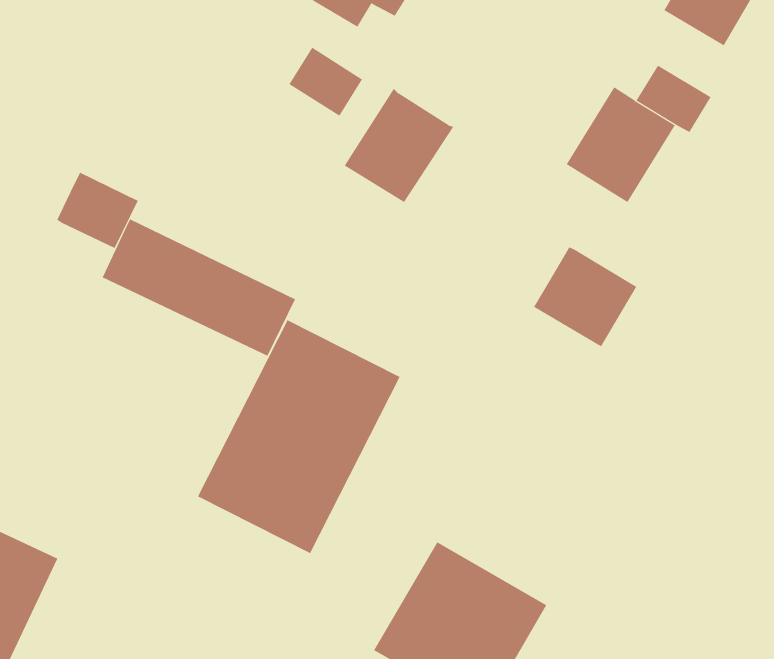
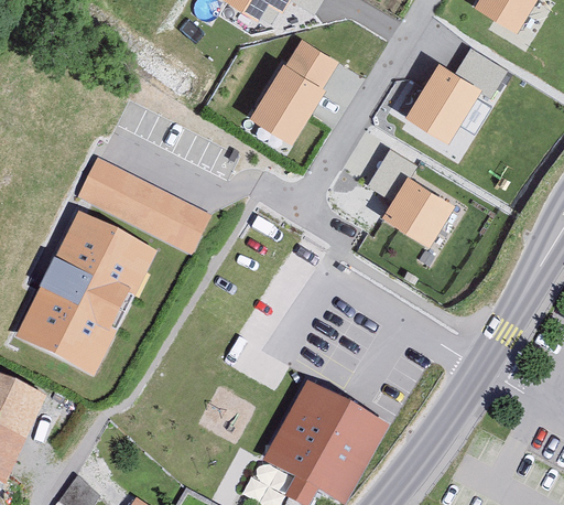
building: [288,47,363,117] -> [285,40,338,89]
building: [56,172,138,249] -> none
building: none -> [368,148,417,200]
building: [197,319,400,554] -> [13,208,158,375]

